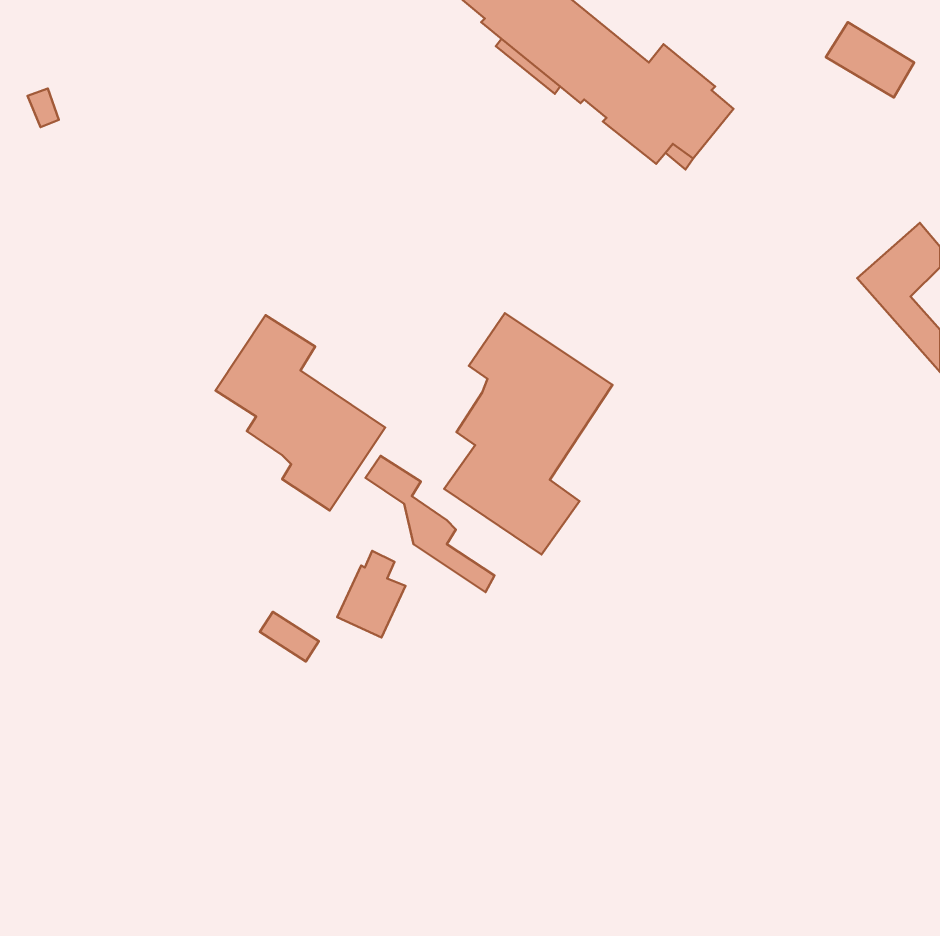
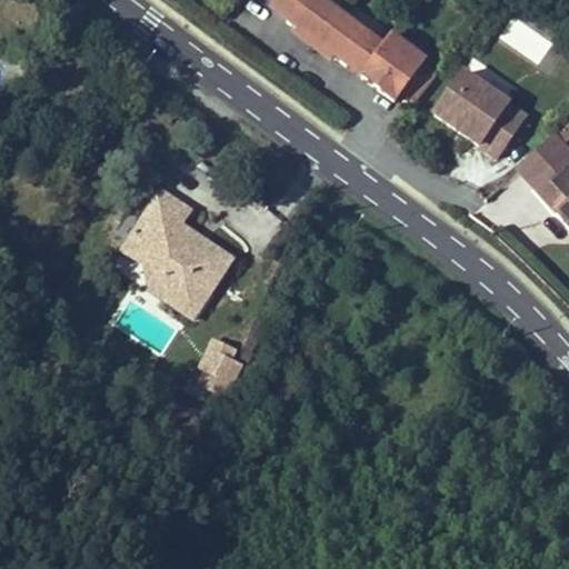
building: none -> [433,73,523,161]
building: [444,313,612,554] -> none
building: [366,456,495,592] -> [121,236,199,318]

